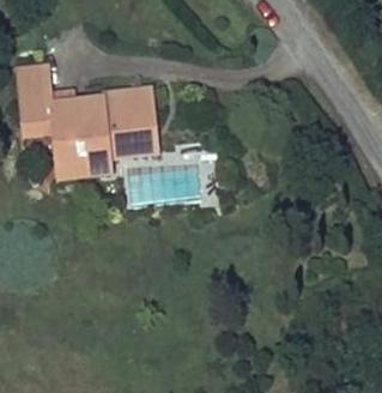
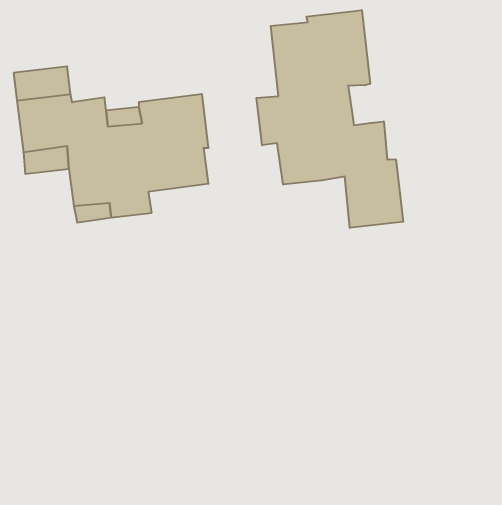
building: none -> [256,10,403,228]

